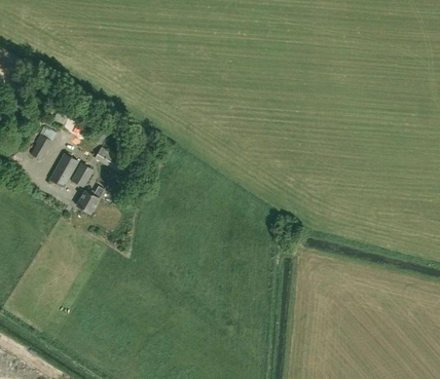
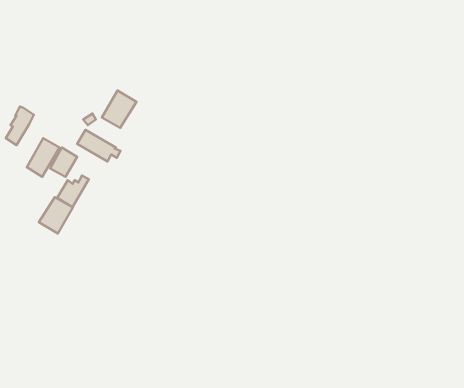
building: none -> [102,91,137,128]
building: none -> [39,197,73,233]

